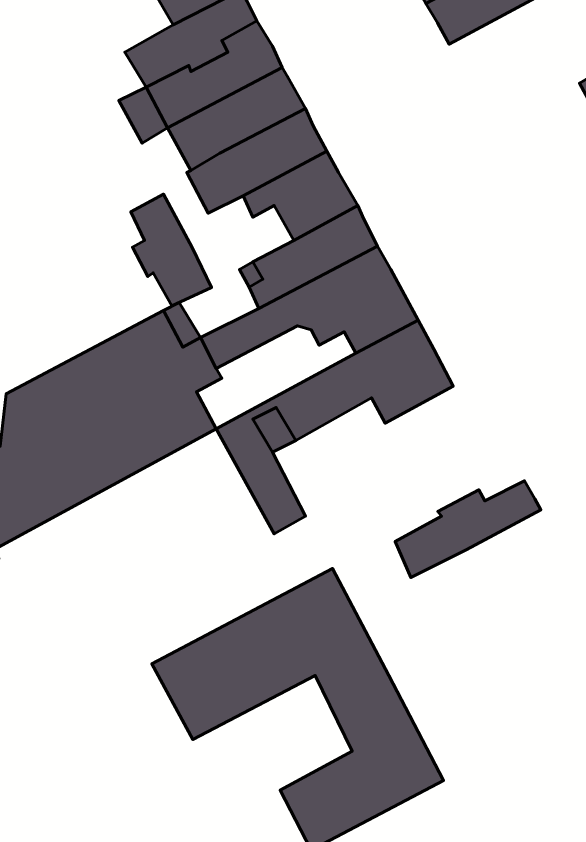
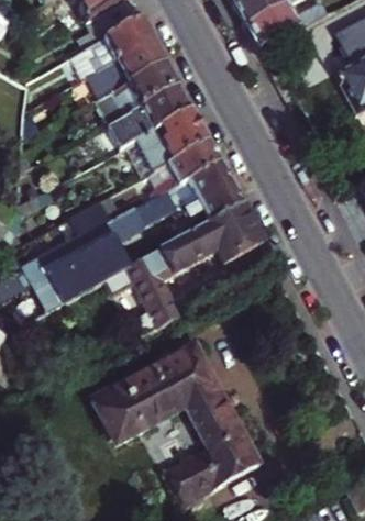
building: [131,194,211,306] -> none
building: [395,481,541,578] -> none

